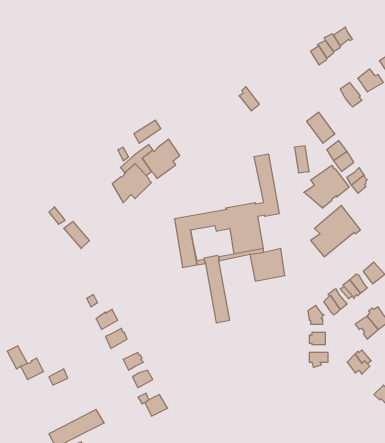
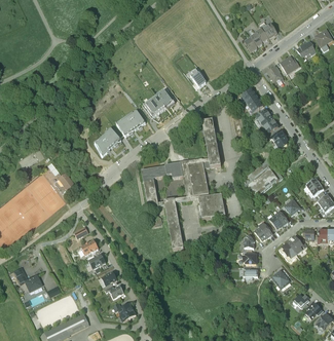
building: none -> [142,90,175,118]
building: [304,165,349,208] -> none

